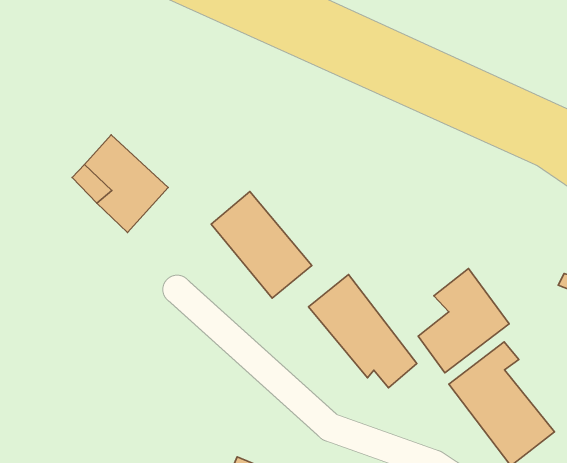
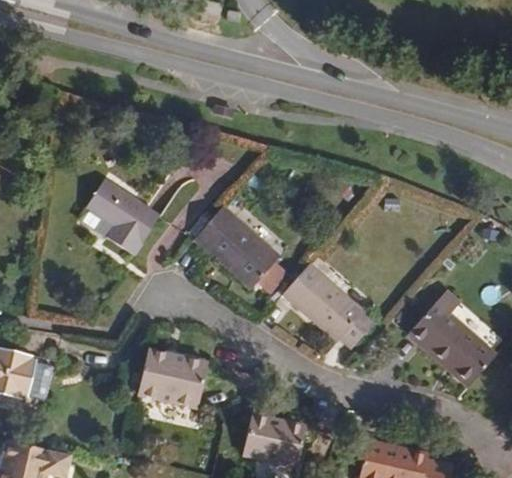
building: [418,268,509,373] -> none
building: none -> [138,353,209,411]

